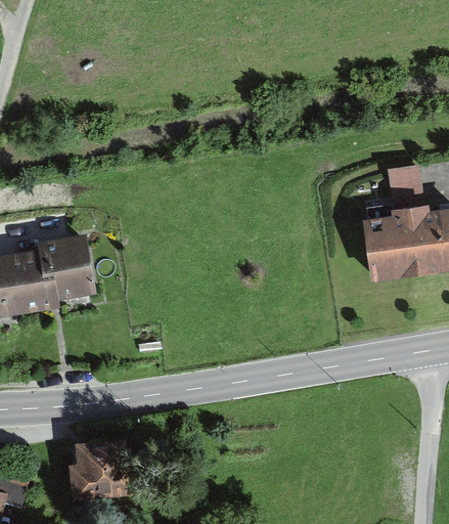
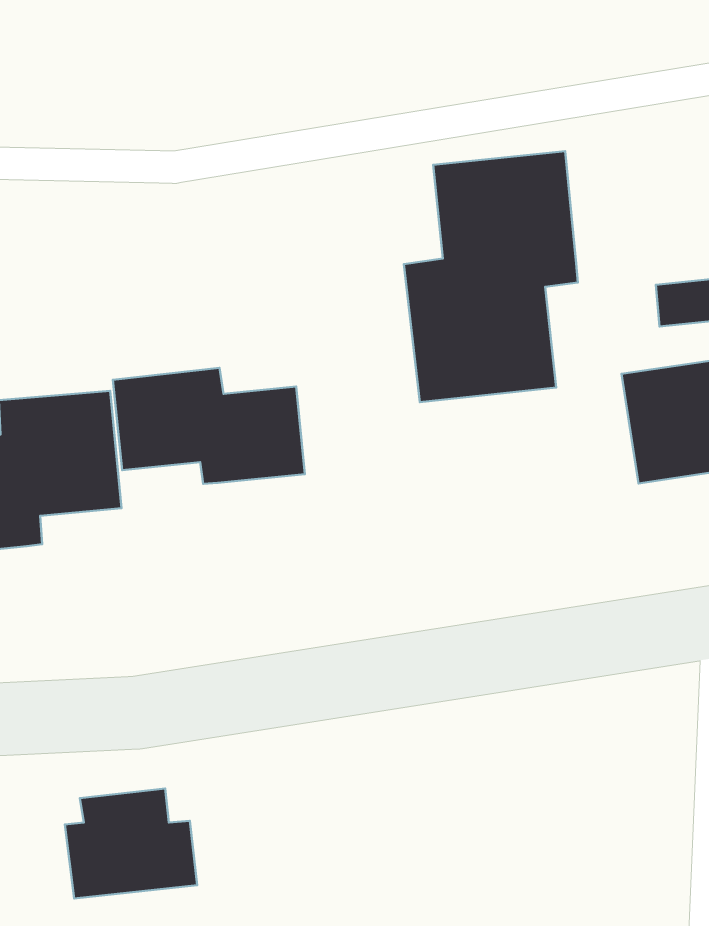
building: none -> [404,151,578,402]
building: none -> [113,368,305,484]

